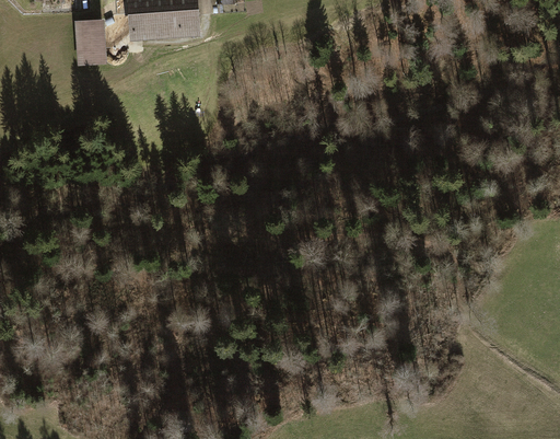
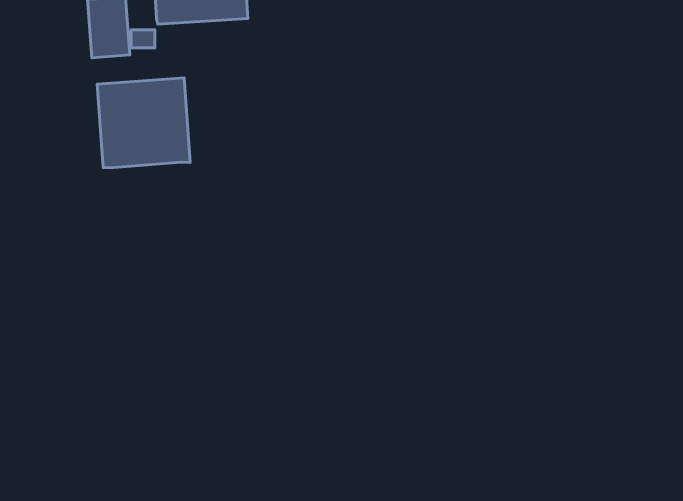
building: none -> [97,78,190,168]

